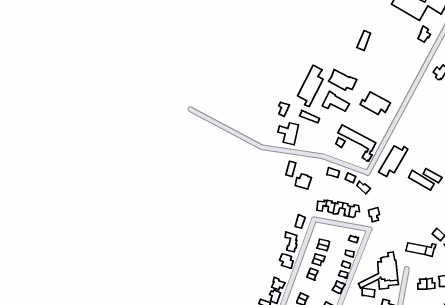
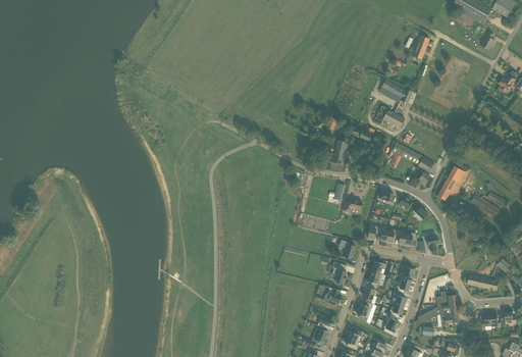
building: [298,65,323,106] -> none
building: [360,92,391,115] -> none

